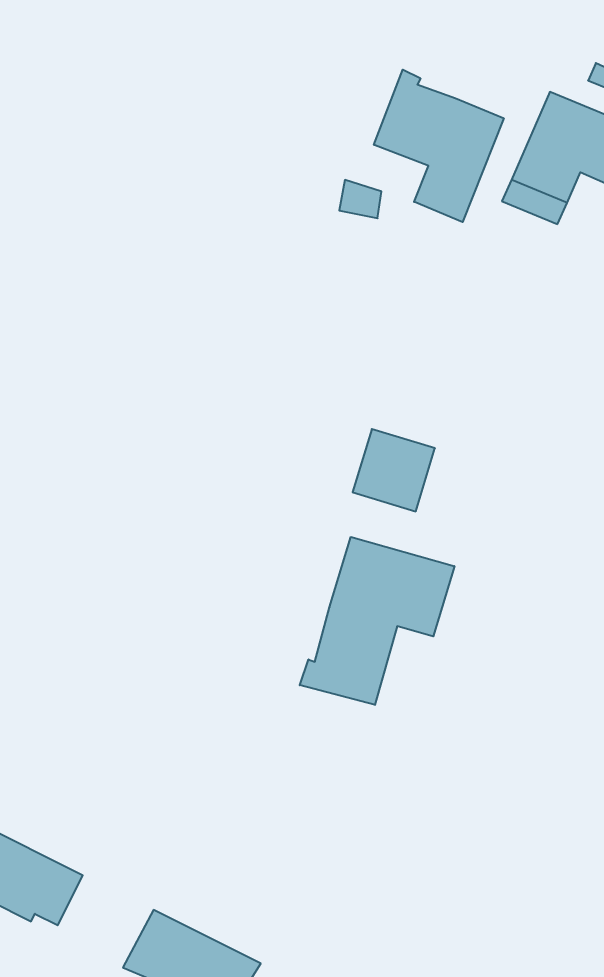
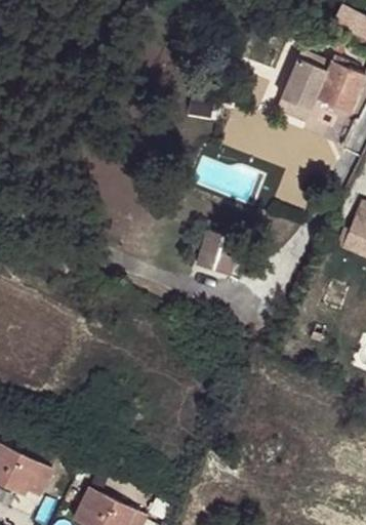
building: [374,70,504,222] -> none
building: [300,537,454,705] -> none

